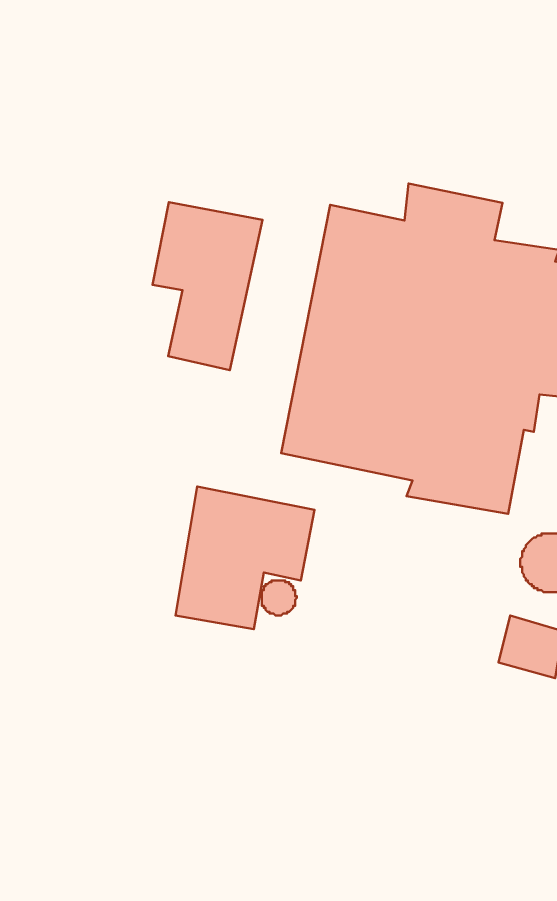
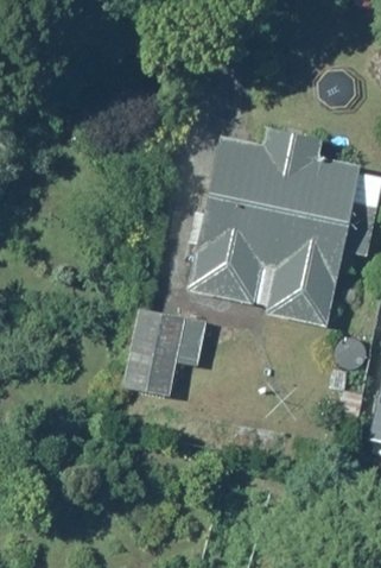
building: [153,202,262,370] -> none

